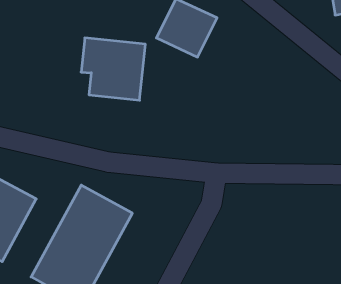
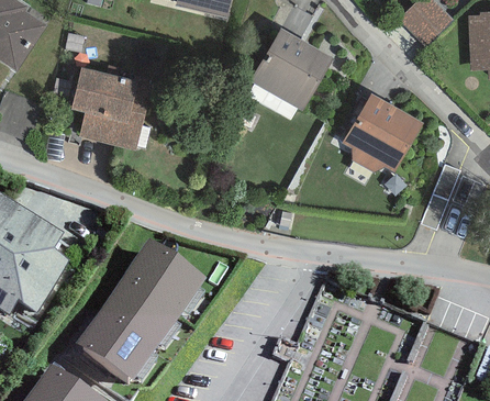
building: [81,38,145,100] -> [66,63,147,145]
building: none -> [348,92,426,167]

